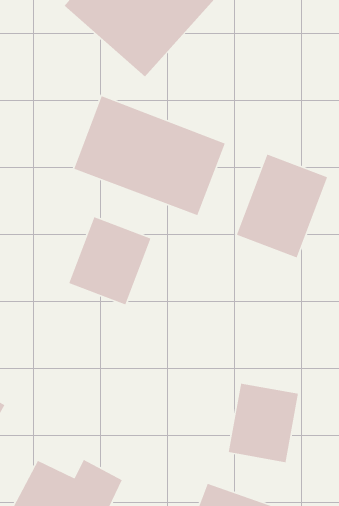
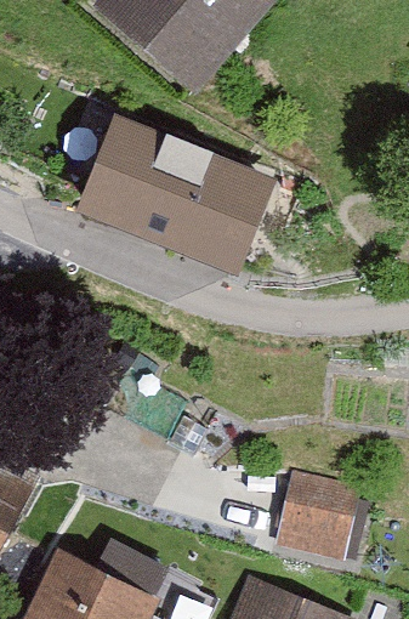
building: [236,153,328,258] -> none
building: [68,216,151,305] -> none

